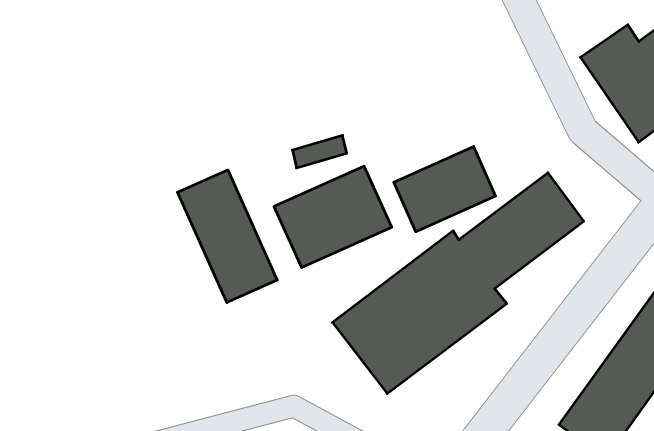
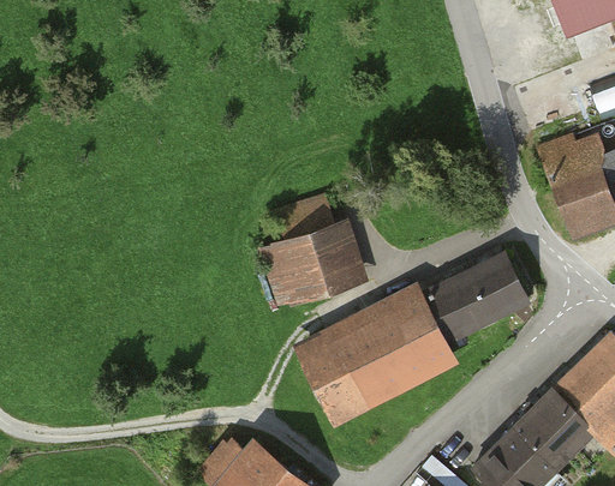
building: [394,146,496,232] -> none
building: [177,170,277,303] -> none

